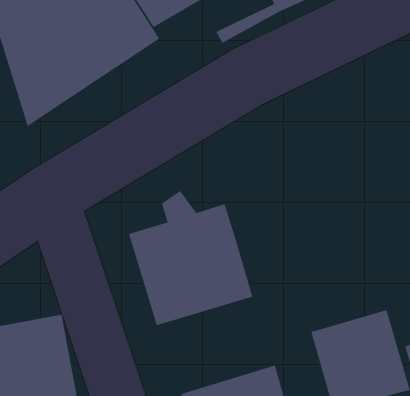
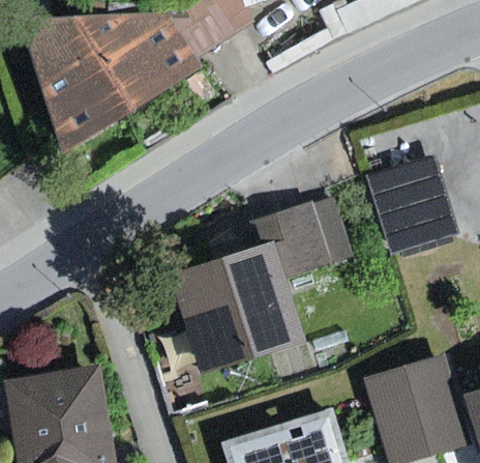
building: none -> [367,154,456,252]
building: none -> [267,196,351,279]

